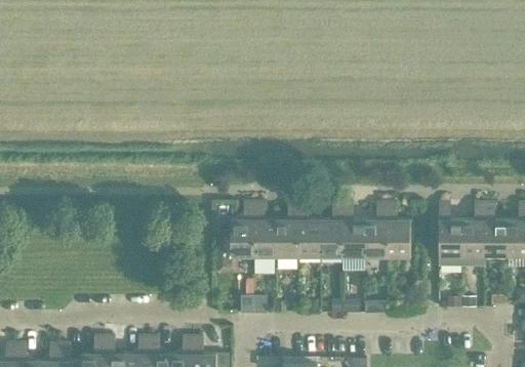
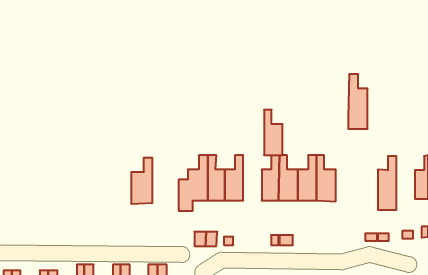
building: [297,202,320,257] -> [264,110,283,155]
building: [438,202,461,269] -> [348,74,368,129]
building: [484,203,507,255] -> none
building: none -> [131,158,152,204]

